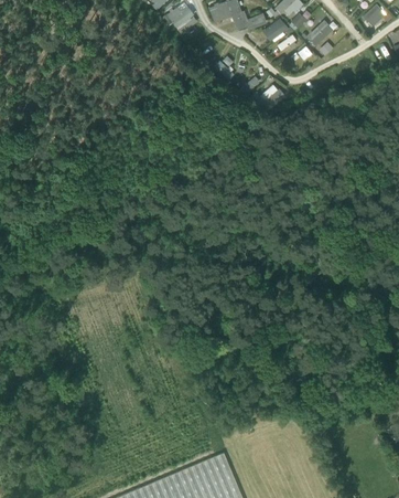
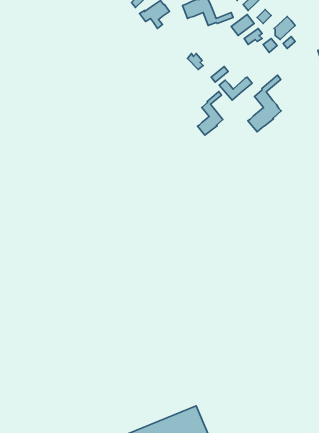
building: none -> [248,75,281,132]
building: none -> [198,92,223,135]

